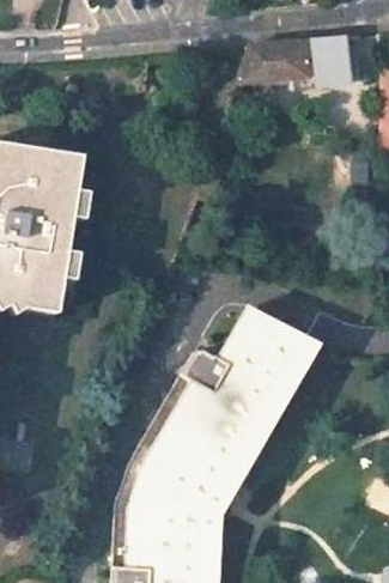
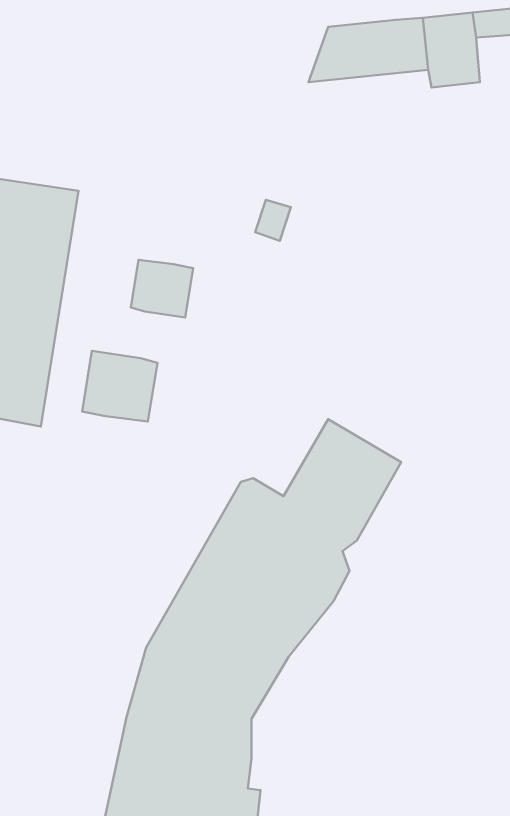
building: none -> [131,260,193,318]
building: none -> [82,351,157,421]

